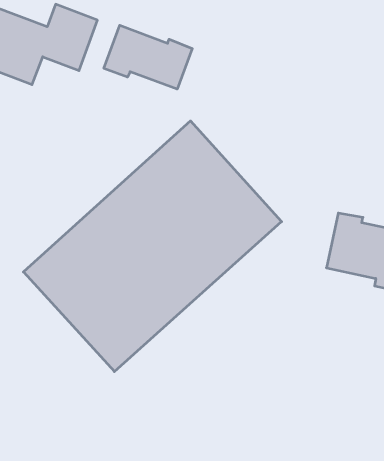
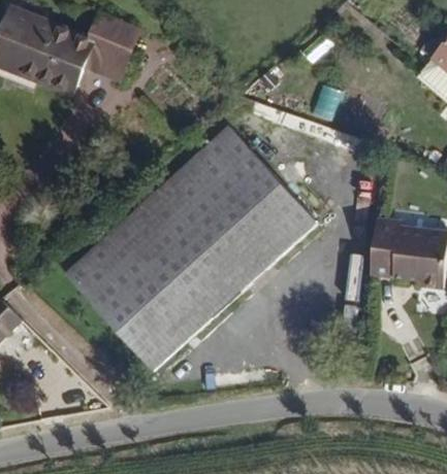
building: [104,25,192,89] -> none

